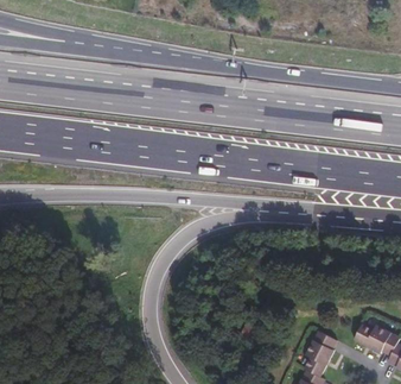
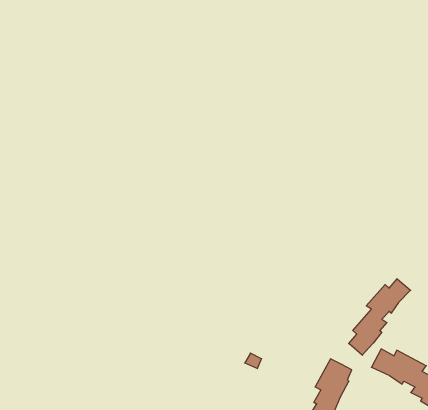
building: none -> [349,279,411,355]

